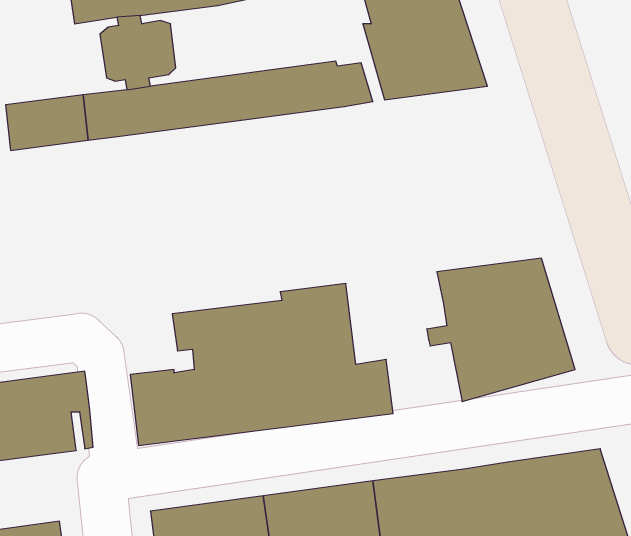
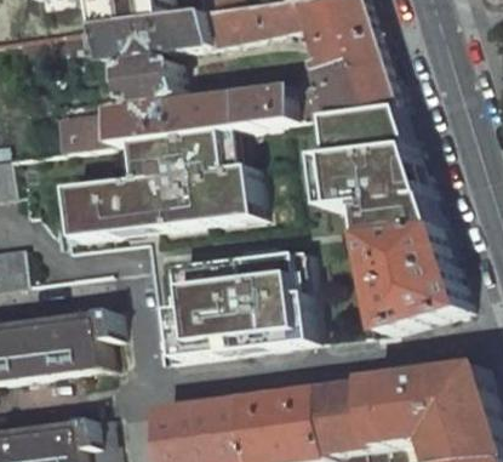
building: none -> [313,104,435,238]
building: none -> [65,129,253,238]

